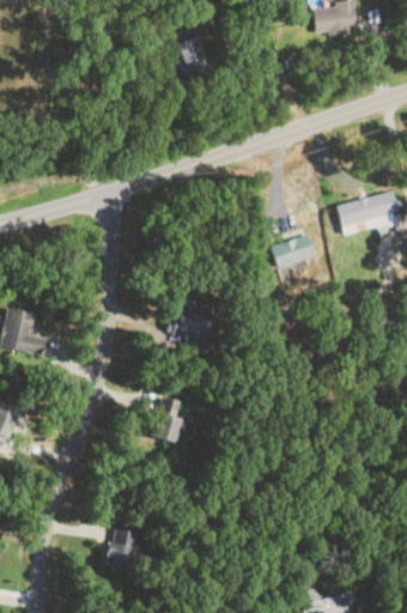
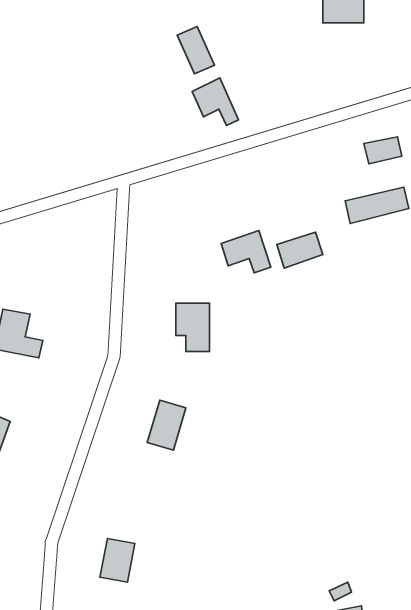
building: none -> [192,78,239,126]
building: none -> [364,137,402,164]
building: none -> [221,231,271,273]

